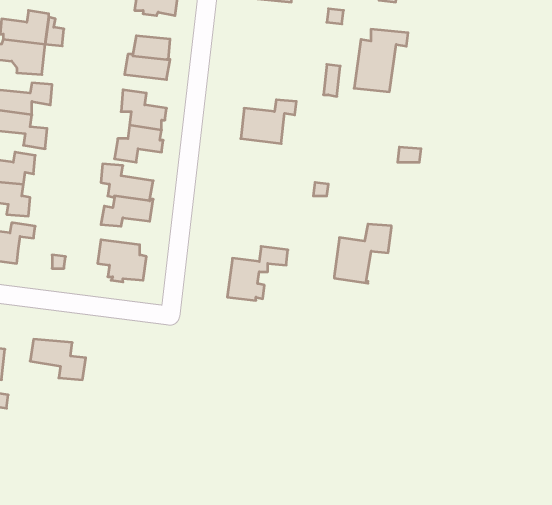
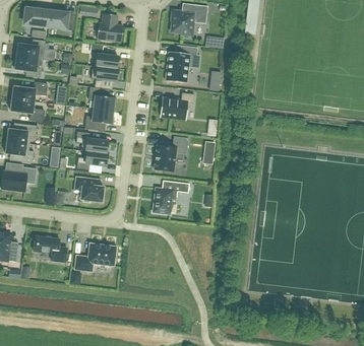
building: [354,29,408,92] -> [165,45,197,82]
building: [334,224,391,283] -> [154,136,188,171]
building: none -> [74,243,117,271]

